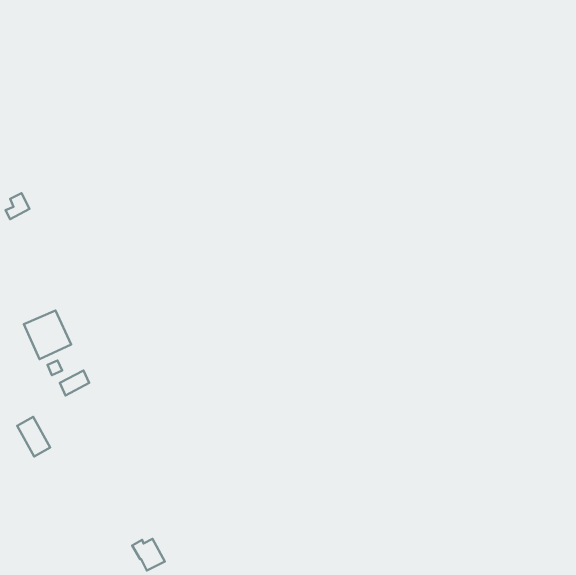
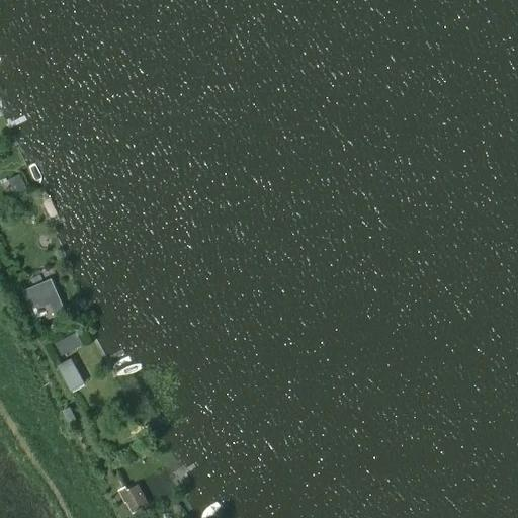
building: [17,417,50,456] -> [56,357,85,393]

